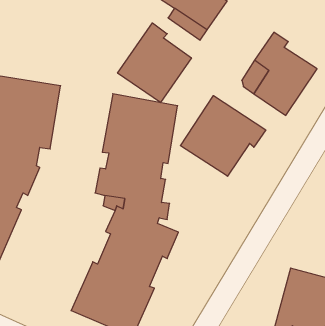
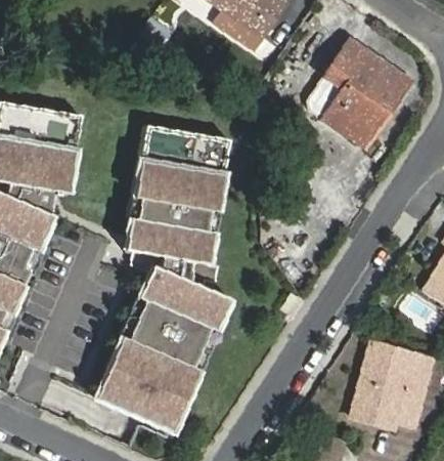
building: [118,23,191,103] -> none
building: [180,96,266,176] -> none

